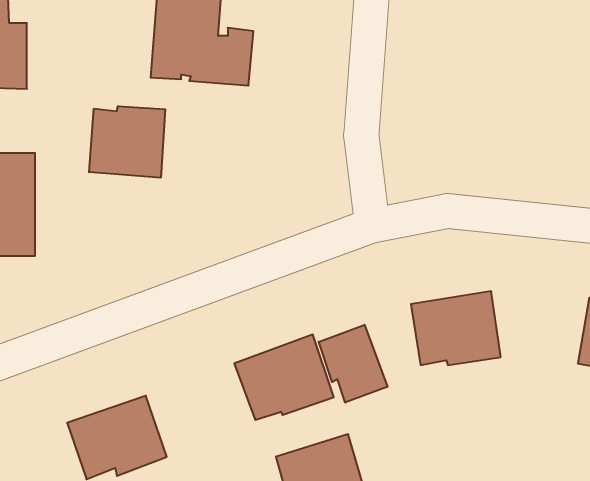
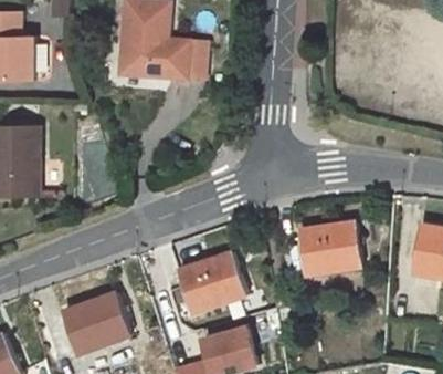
building: [89,106,165,178] -> none
building: [319,325,387,403] -> none

